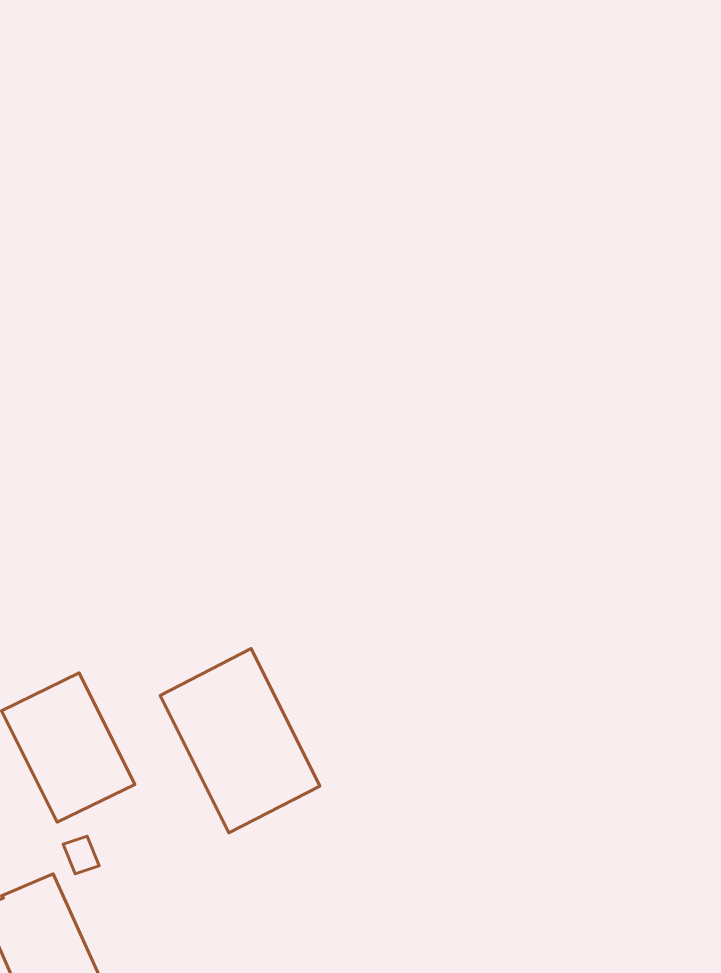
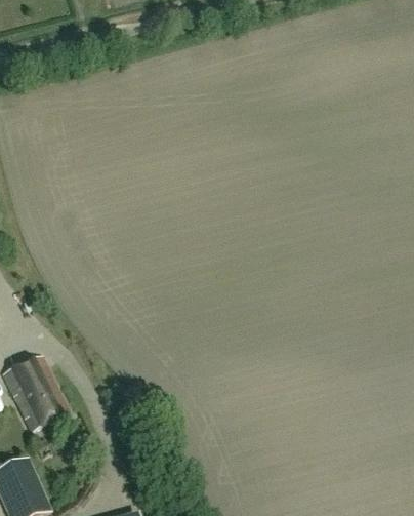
building: [160,649,320,833] -> none

